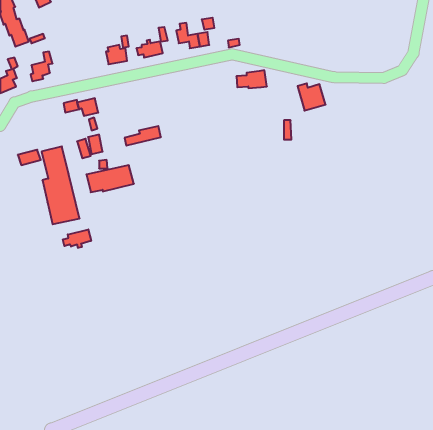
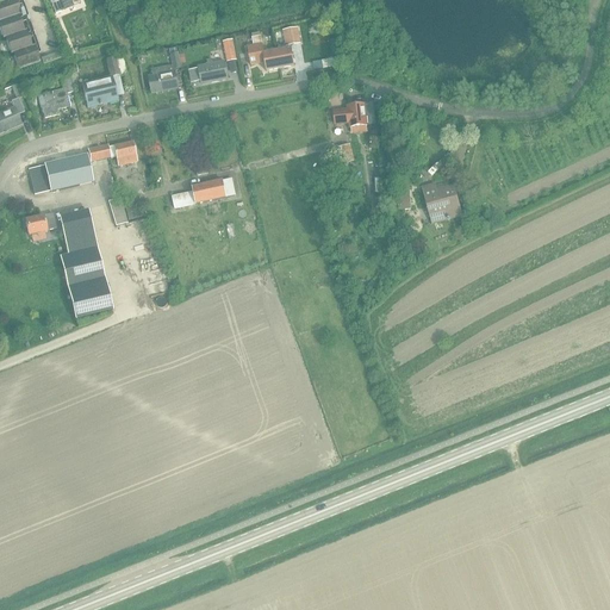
building: none -> [83,56,124,104]
building: [298,83,326,111] -> [422,182,461,220]
building: [86,165,134,192] -> [27,152,94,191]
building: [63,229,91,248] -> none

